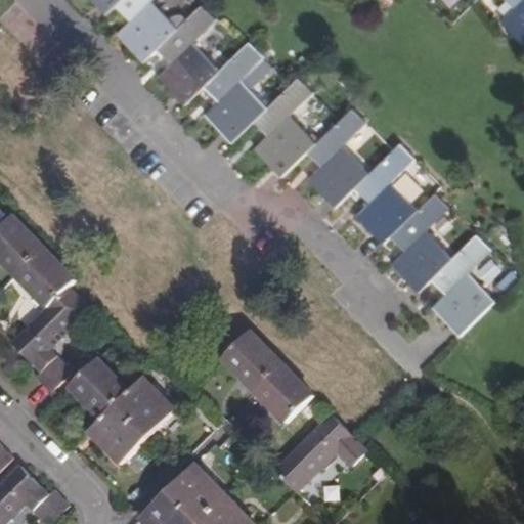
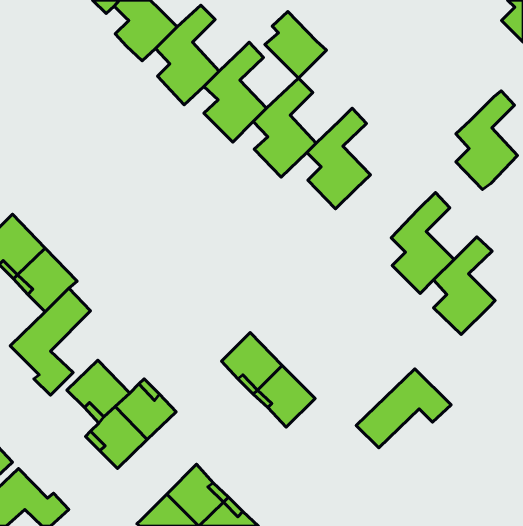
building: none -> [265,12,327,78]
building: [354,144,416,243] -> [456,91,518,190]
building: [273,414,367,493] -> [356,369,451,448]

